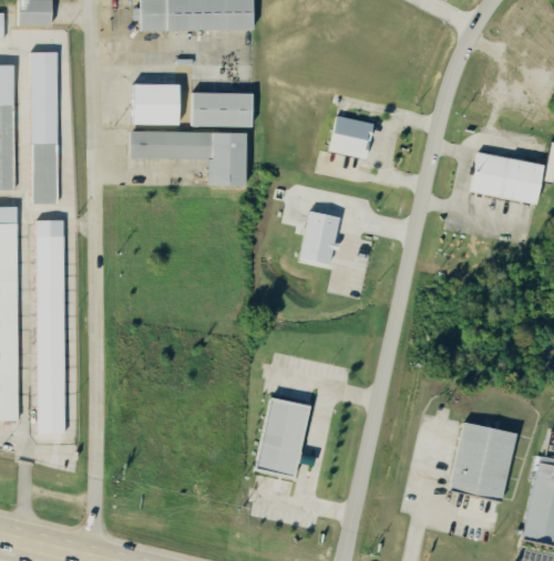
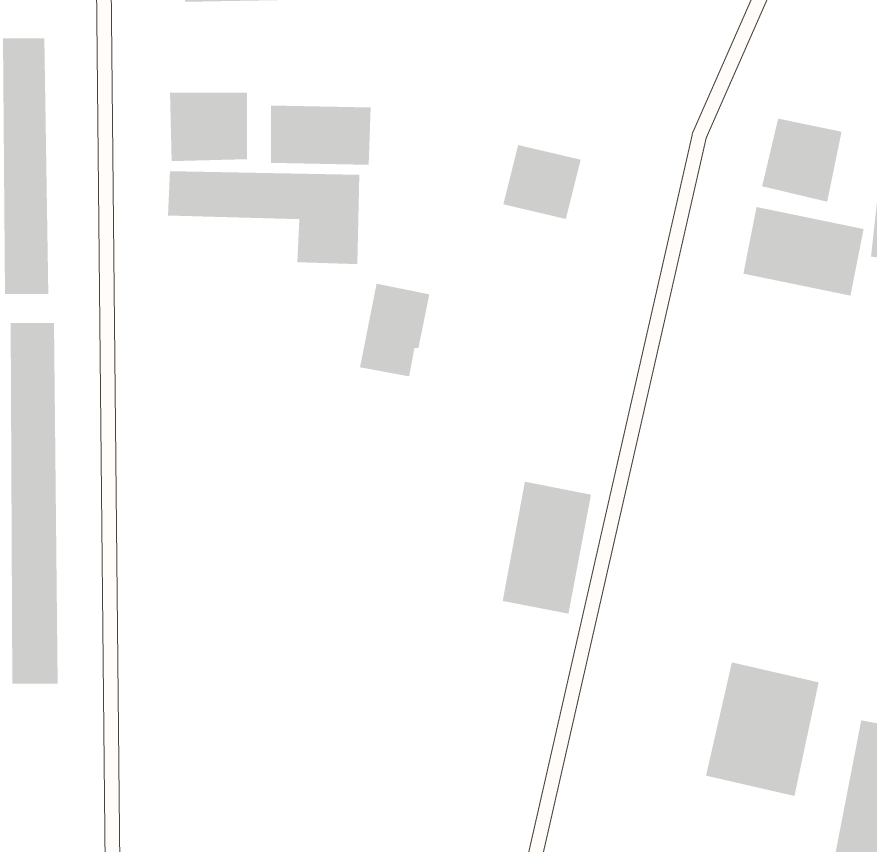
building: none -> [762,118,842,202]
building: [298,211,340,267] -> [359,283,430,377]
building: [255,398,308,477] -> [502,481,592,614]

